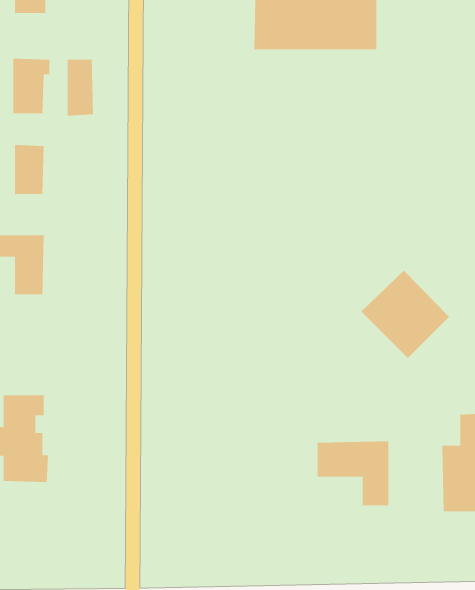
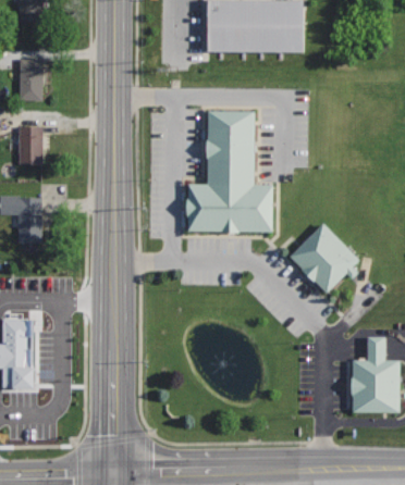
building: [67,59,93,116] -> none
building: none -> [187,110,274,233]
building: [317,441,389,506] -> none

